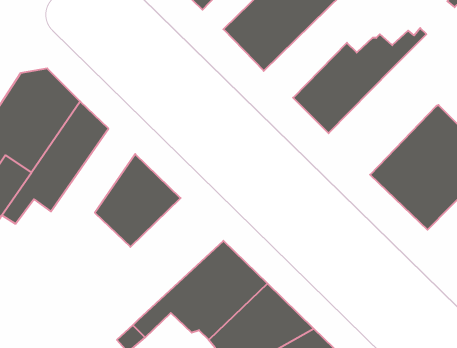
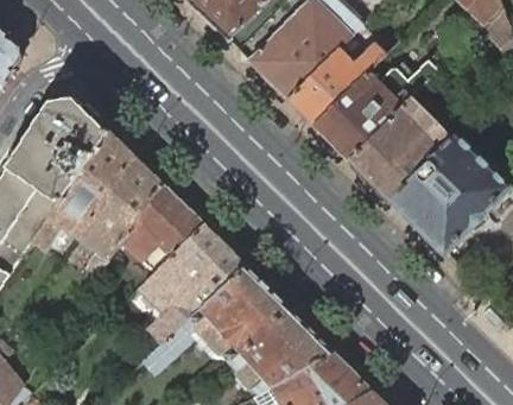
building: none -> [285,40,382,127]
building: none -> [348,99,452,202]
building: none -> [78,157,160,273]
building: none -> [142,224,246,343]

